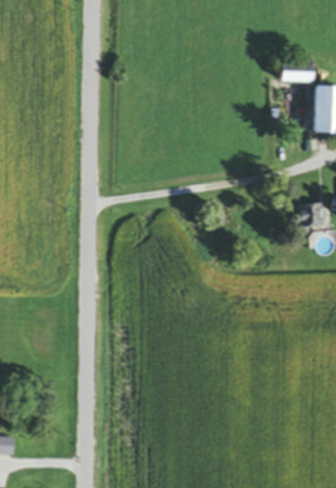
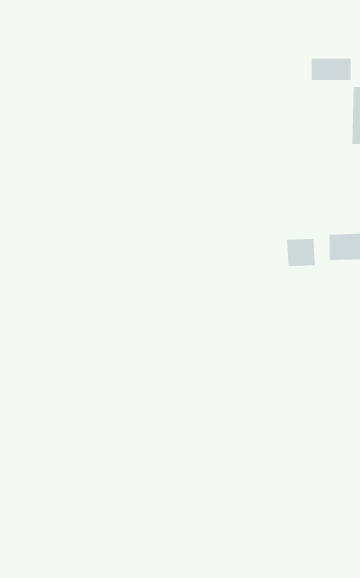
building: none -> [286,238,316,267]

